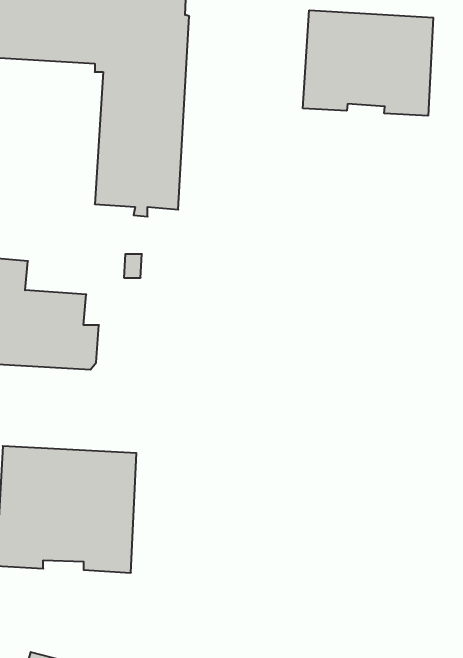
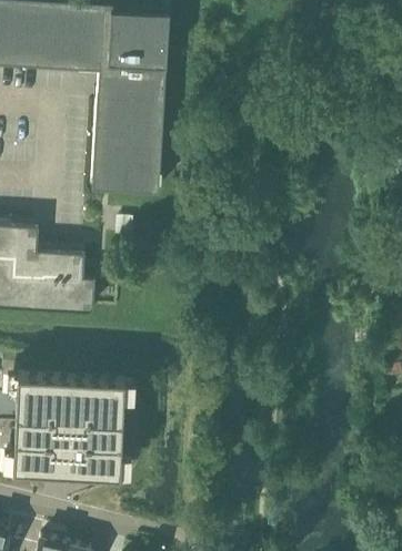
building: [303,10,433,116] -> none

